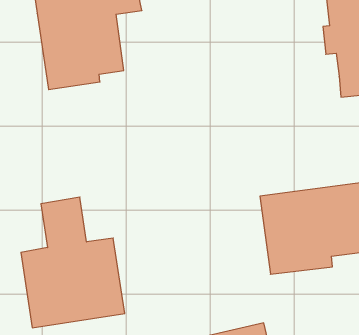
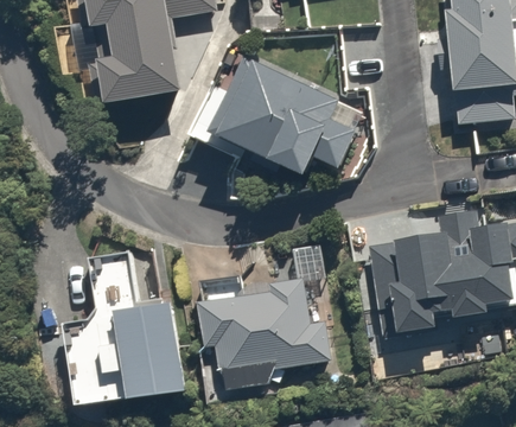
building: none -> [209,50,363,186]
building: none -> [187,268,326,397]

